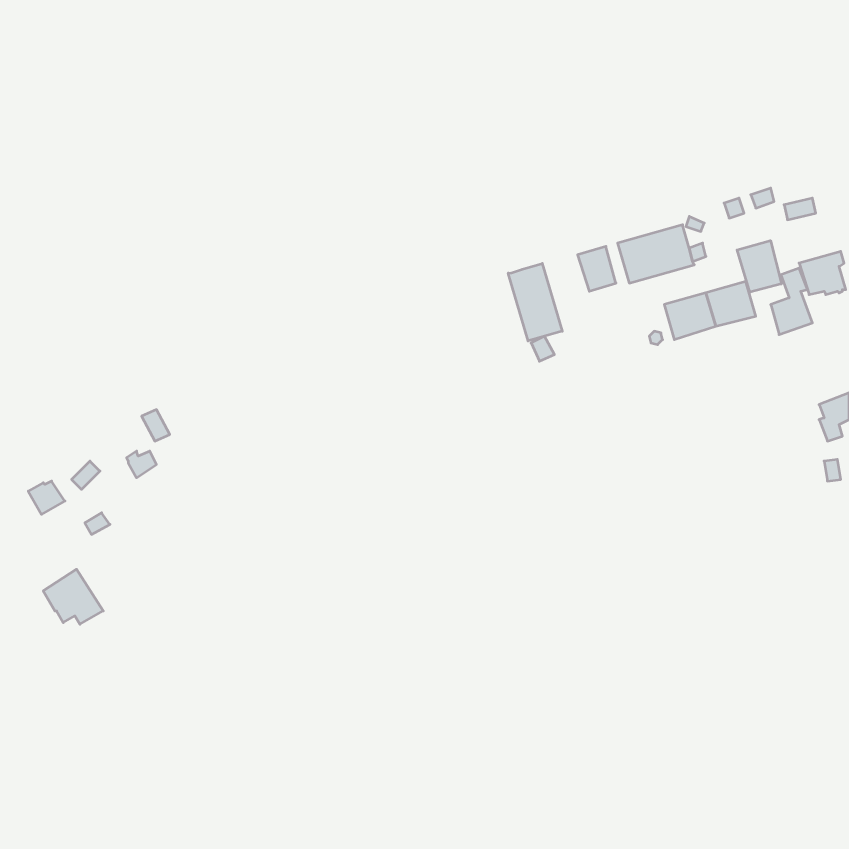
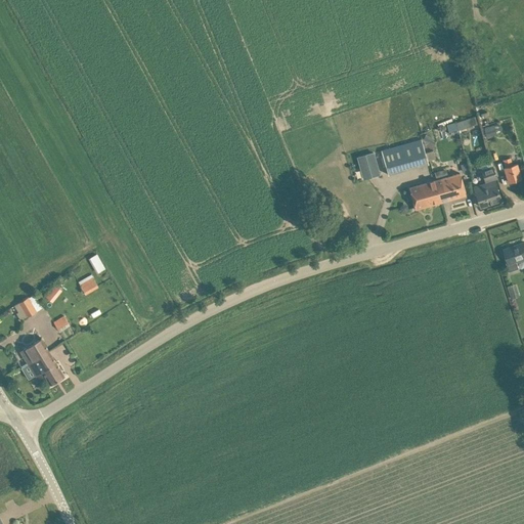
building: [737,241,781,292] -> none
building: [508,263,562,341] -> none
building: none -> [18,339,47,364]

